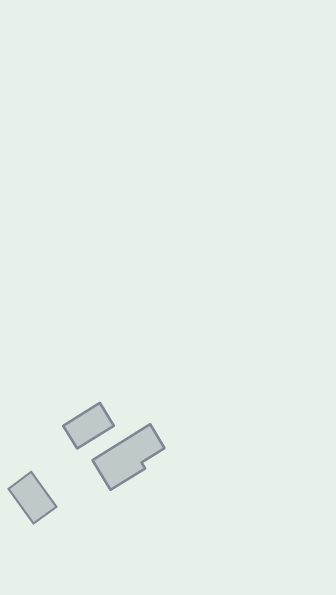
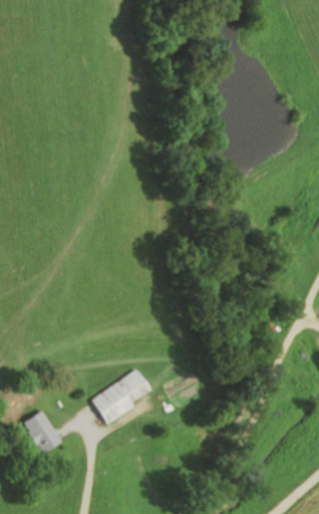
building: [63,403,114,449] -> none

